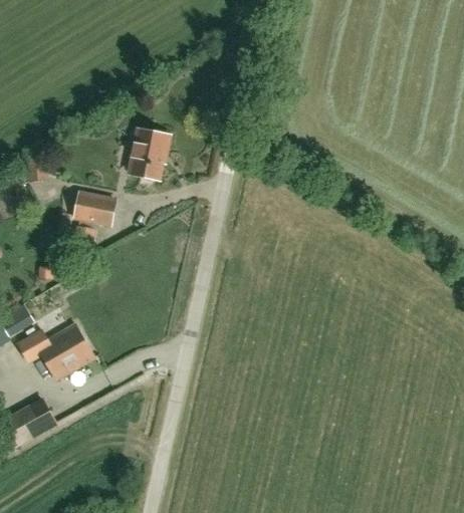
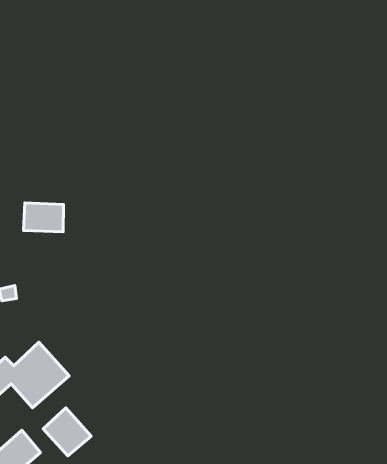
building: [129,129,168,180] -> none
building: none -> [43,408,91,456]

